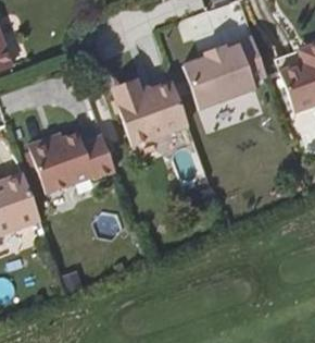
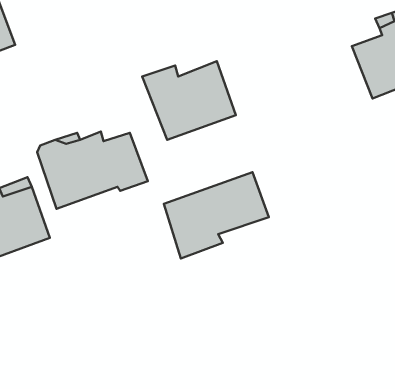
building: [184,37,266,107] -> none
building: none -> [164,172,269,259]

